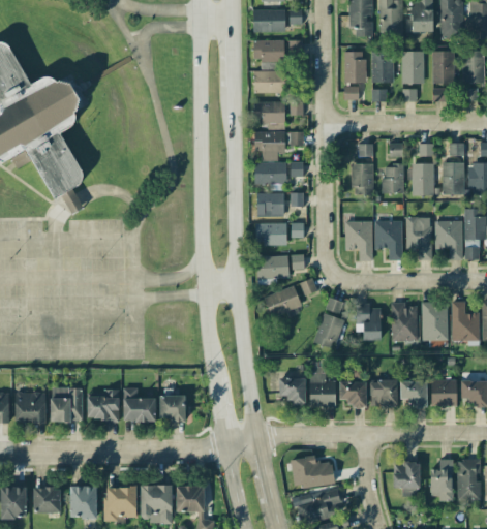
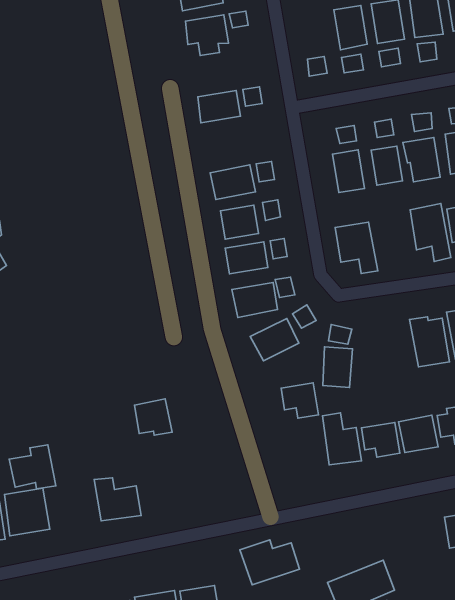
building: [343,52,365,83] -> none
building: [253,70,284,93] -> none
building: [253,131,303,161] -> none
building: [374,220,402,259] -> none
building: [355,303,381,340] -> none
building: [279,378,305,404] -> [281,383,318,418]
building: [86,390,119,423] -> [9,445,56,489]
building: [159,395,185,422] -> [135,399,172,435]
building: [290,456,334,489] -> [240,540,300,585]

